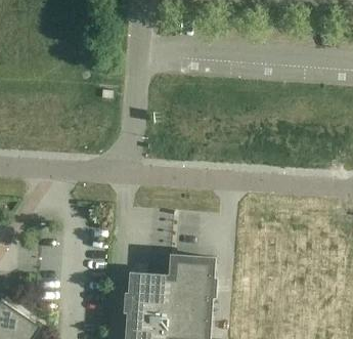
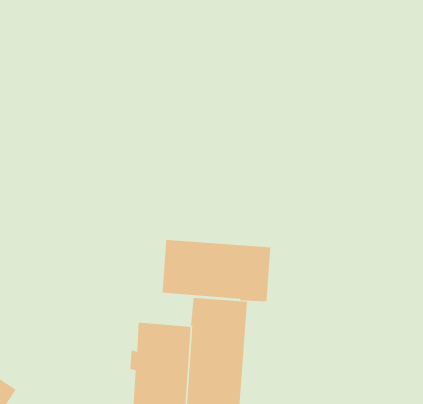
building: none -> [162,239,271,302]

